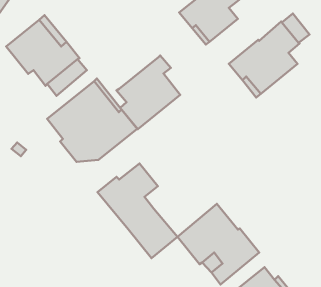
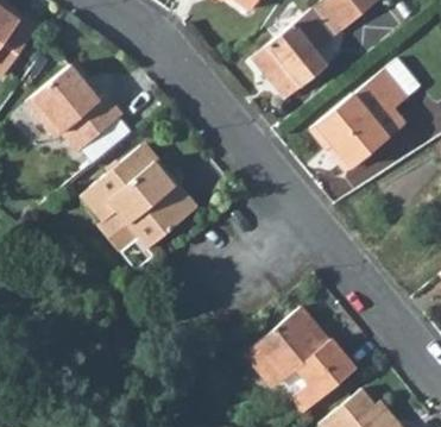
building: [116,55,180,129] -> none
building: [98,163,177,258] -> none

